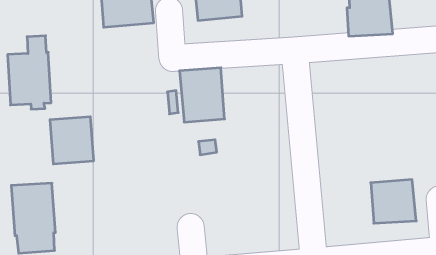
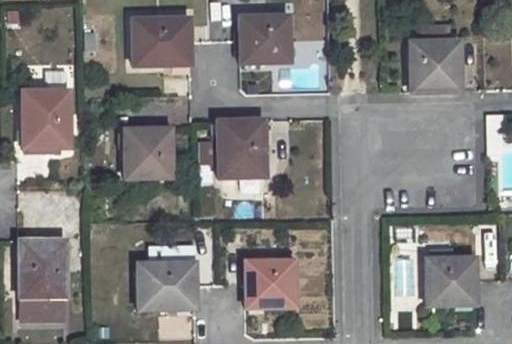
building: [50,117,94,164] -> [125,127,172,178]
building: none -> [245,259,295,307]
building: none -> [138,260,196,309]

